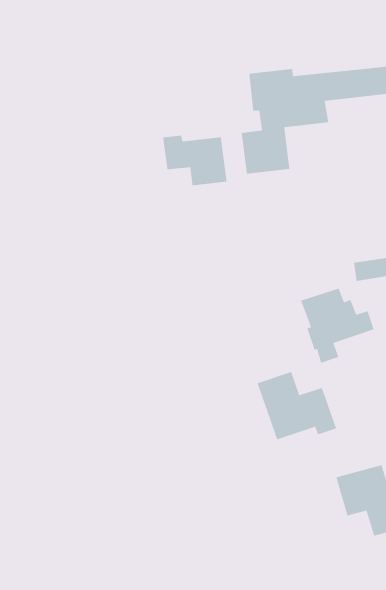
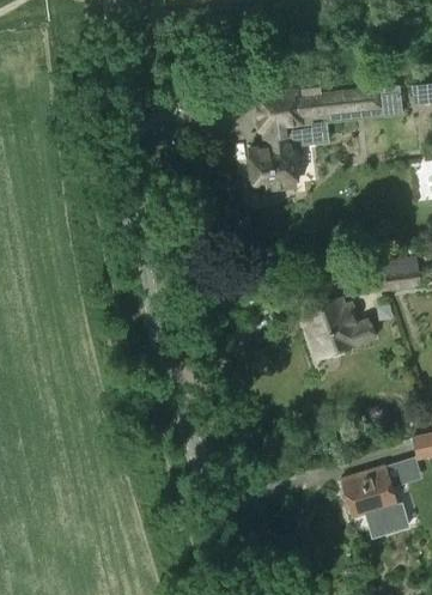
building: [162,135,227,186] -> none
building: [257,371,337,440] -> none

